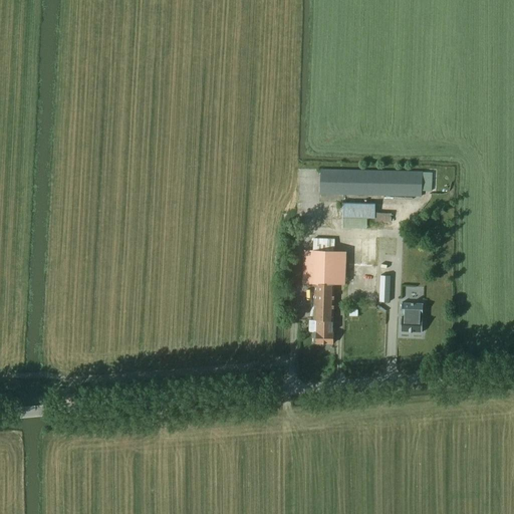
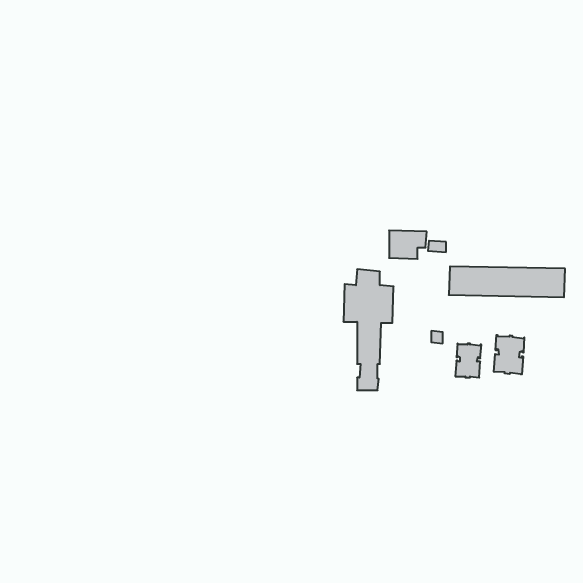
building: [320,170,423,197] -> [449,266,565,297]
building: none -> [494,335,524,374]

